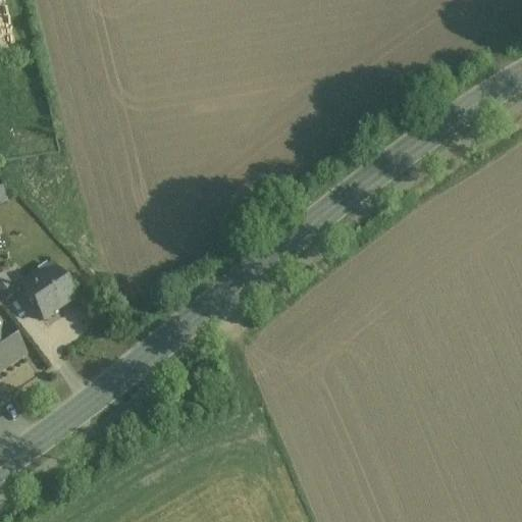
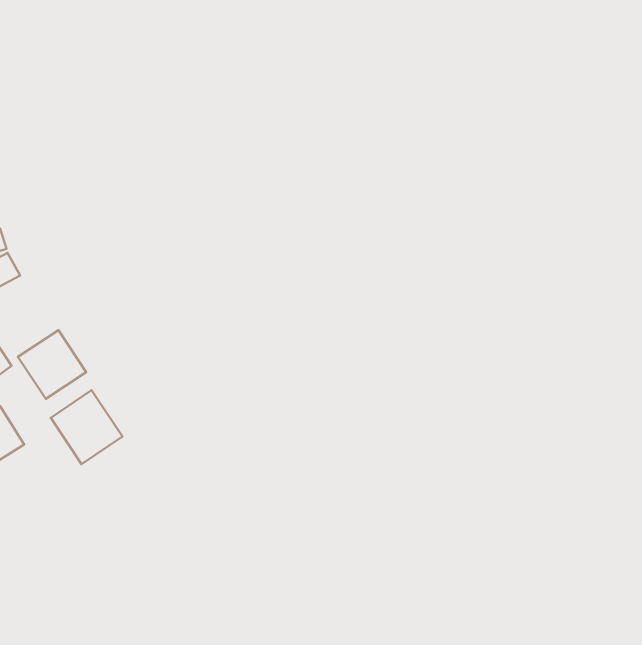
building: none -> [51,390,122,464]

